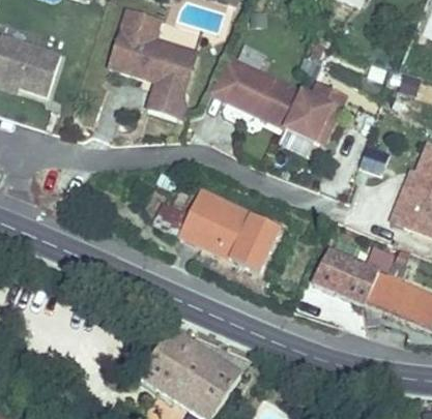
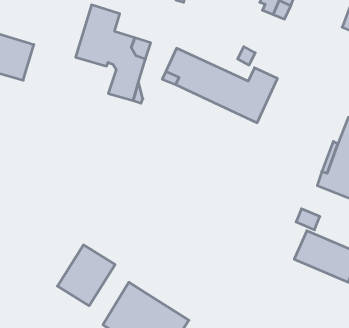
building: [154,190,280,273] -> none
building: [313,247,379,303] -> none
building: none -> [57,245,115,306]

